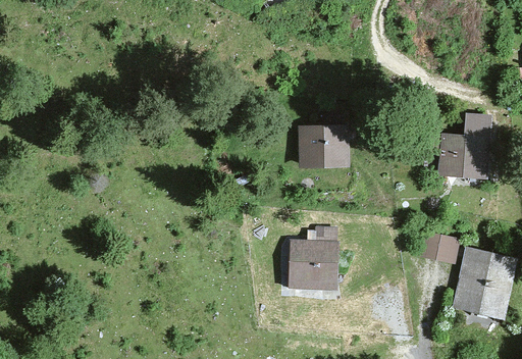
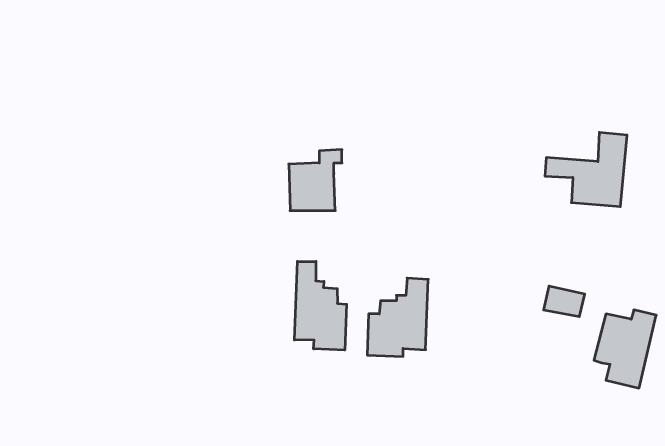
building: [303,118,344,165] -> [289,150,342,211]
building: none -> [294,261,347,350]

